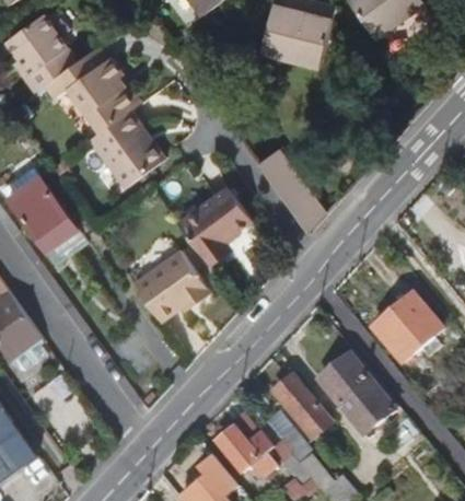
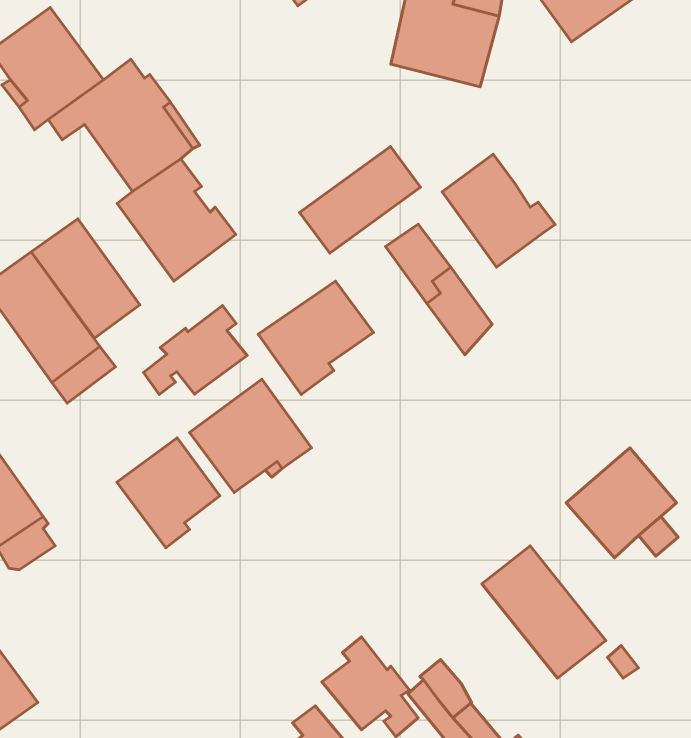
building: none -> [300,146,421,253]
building: none -> [442,154,555,267]
building: none -> [31,219,140,338]
building: none -> [143,305,247,395]
building: none -> [117,438,220,548]
building: [274,377,330,439] -> none

